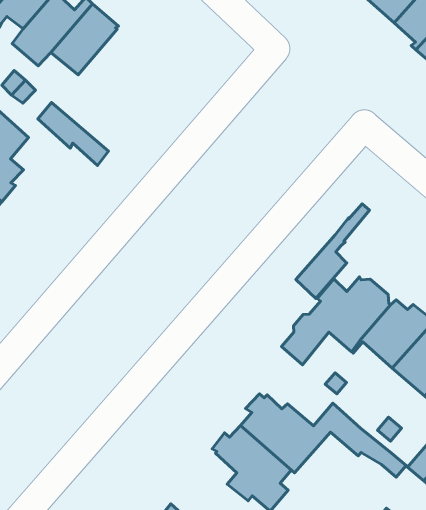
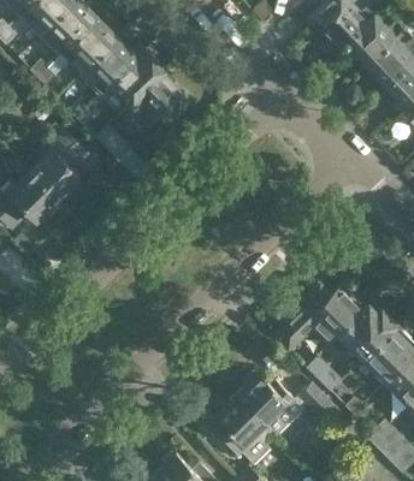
building: none -> [131,72,193,126]
building: [296,204,370,299] -> none

